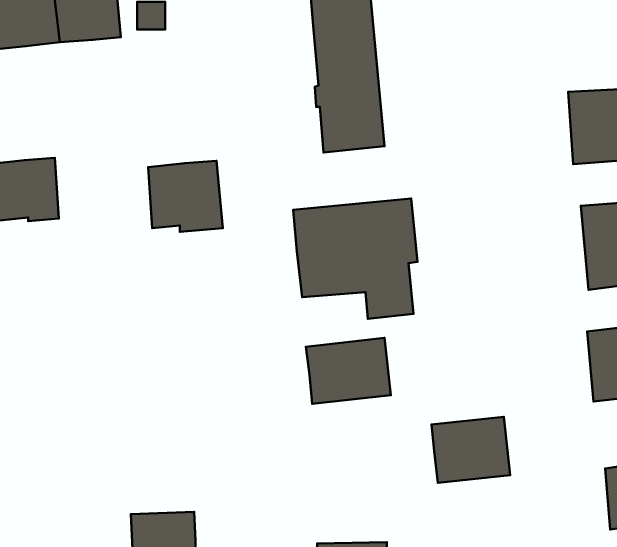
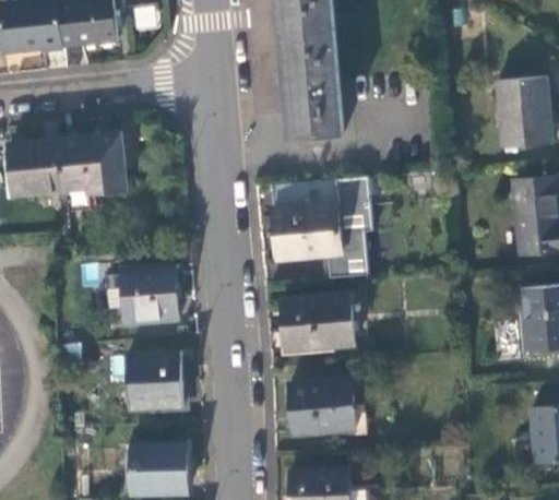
building: [148,161,223,232] -> [61,136,126,198]
building: none -> [122,267,179,326]
building: none -> [126,354,181,408]
building: [432,417,510,483] -> [285,381,353,438]

